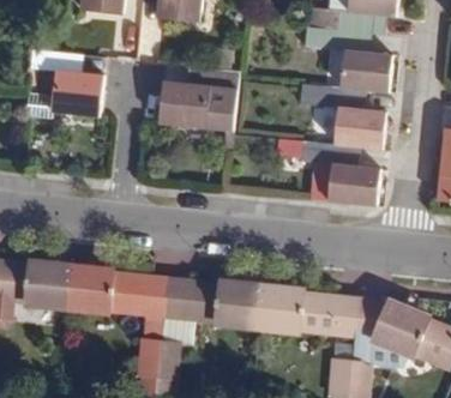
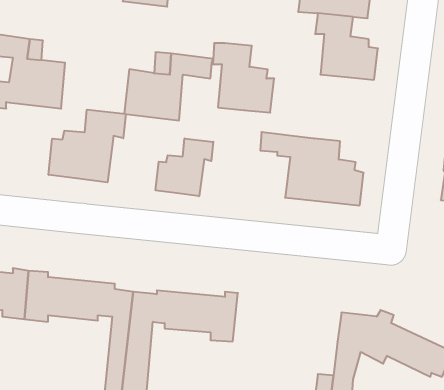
building: [326,85,383,149] -> [213,43,274,113]
building: none -> [49,110,126,182]
building: none -> [156,138,213,196]
building: [257,285,356,332] -> none

